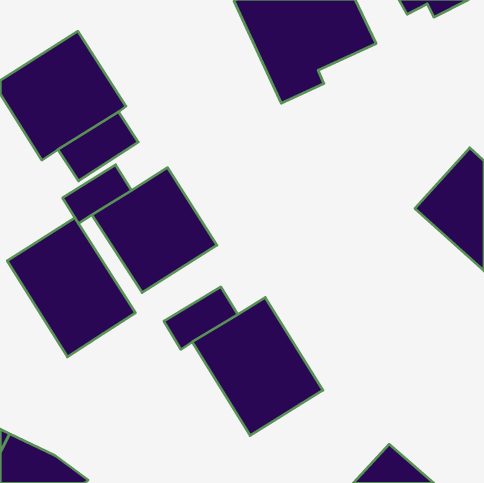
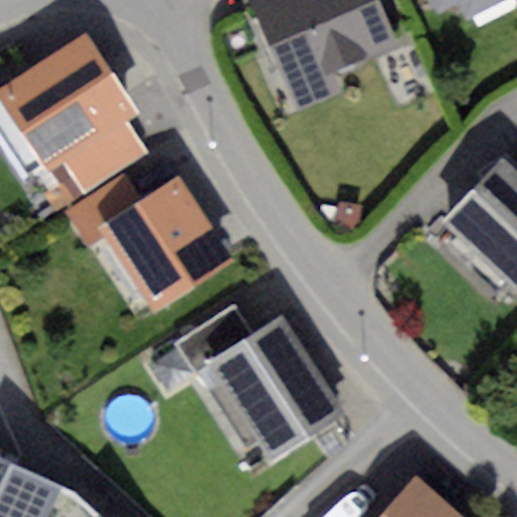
building: [7,218,135,357] -> none

